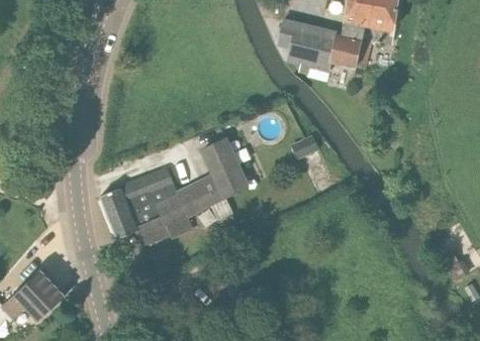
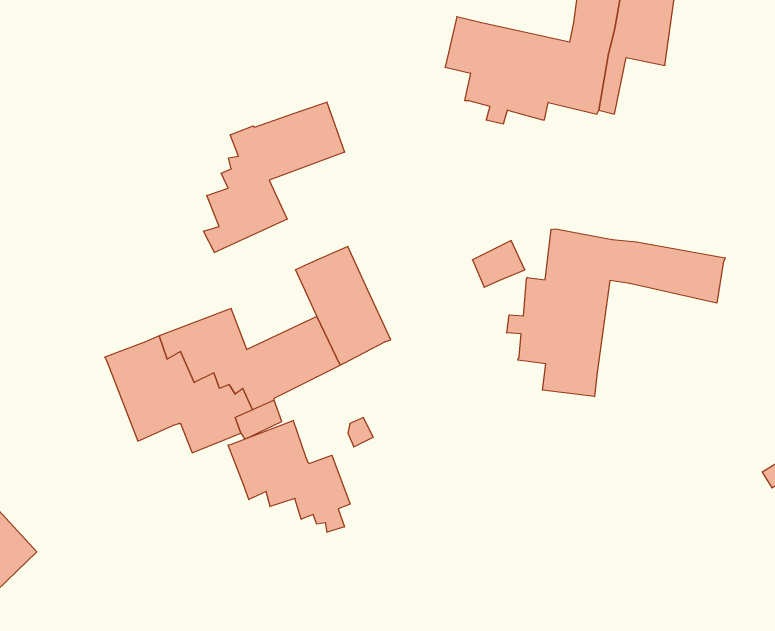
building: none -> [203,102,345,253]
building: none -> [507,229,725,397]
building: none -> [228,420,350,532]

